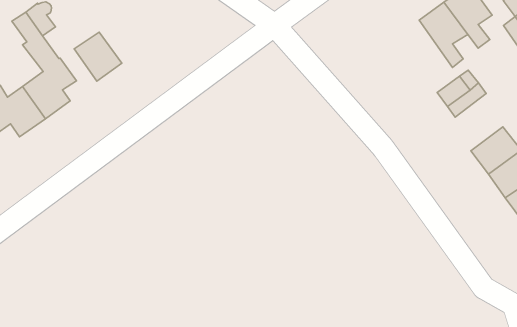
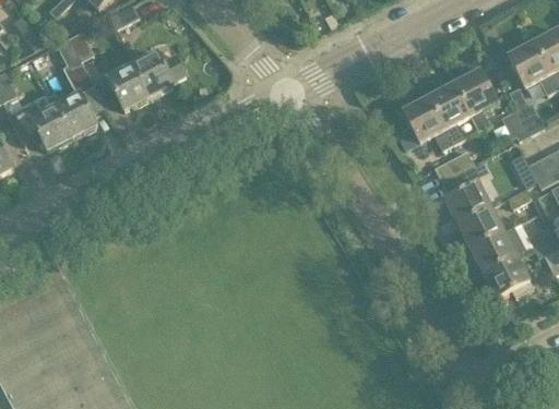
building: none -> [132,51,186,96]
building: none -> [401,97,451,151]
building: none -> [443,181,489,224]

